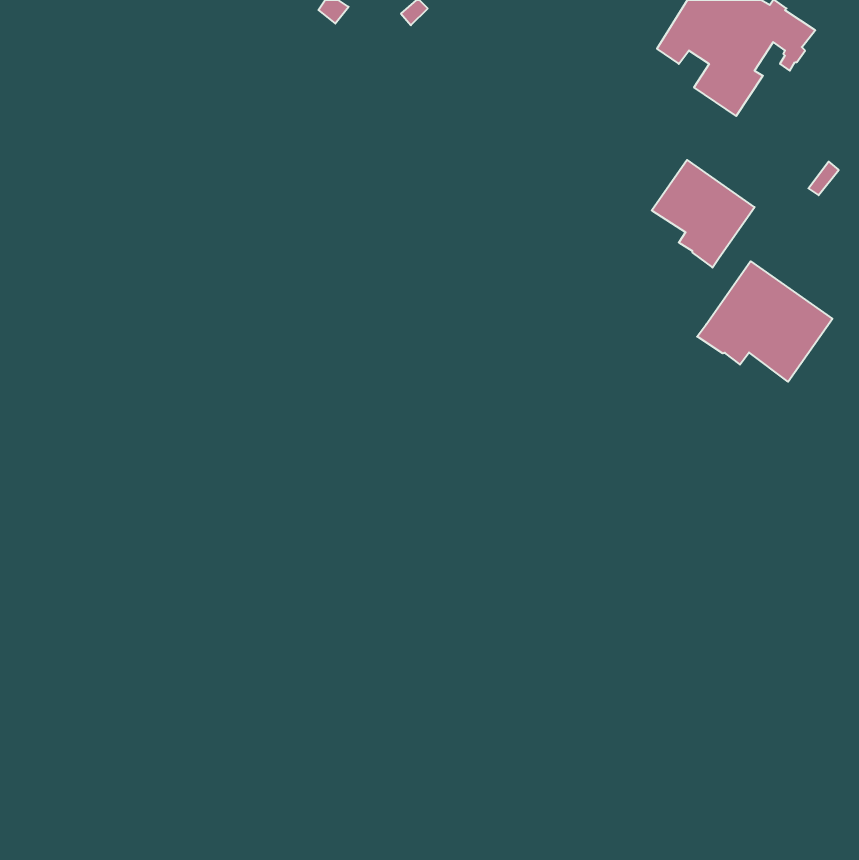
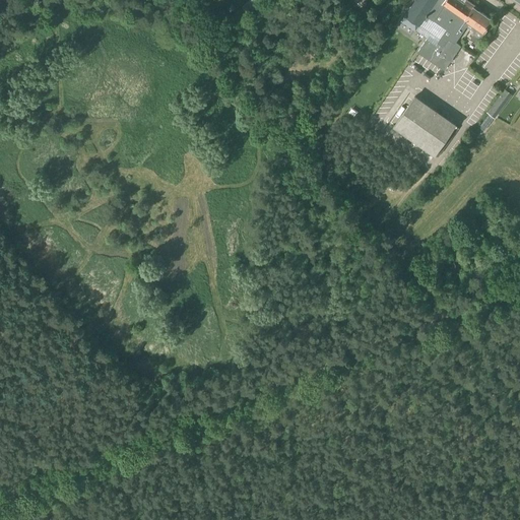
building: [697,261,832,382] -> none

